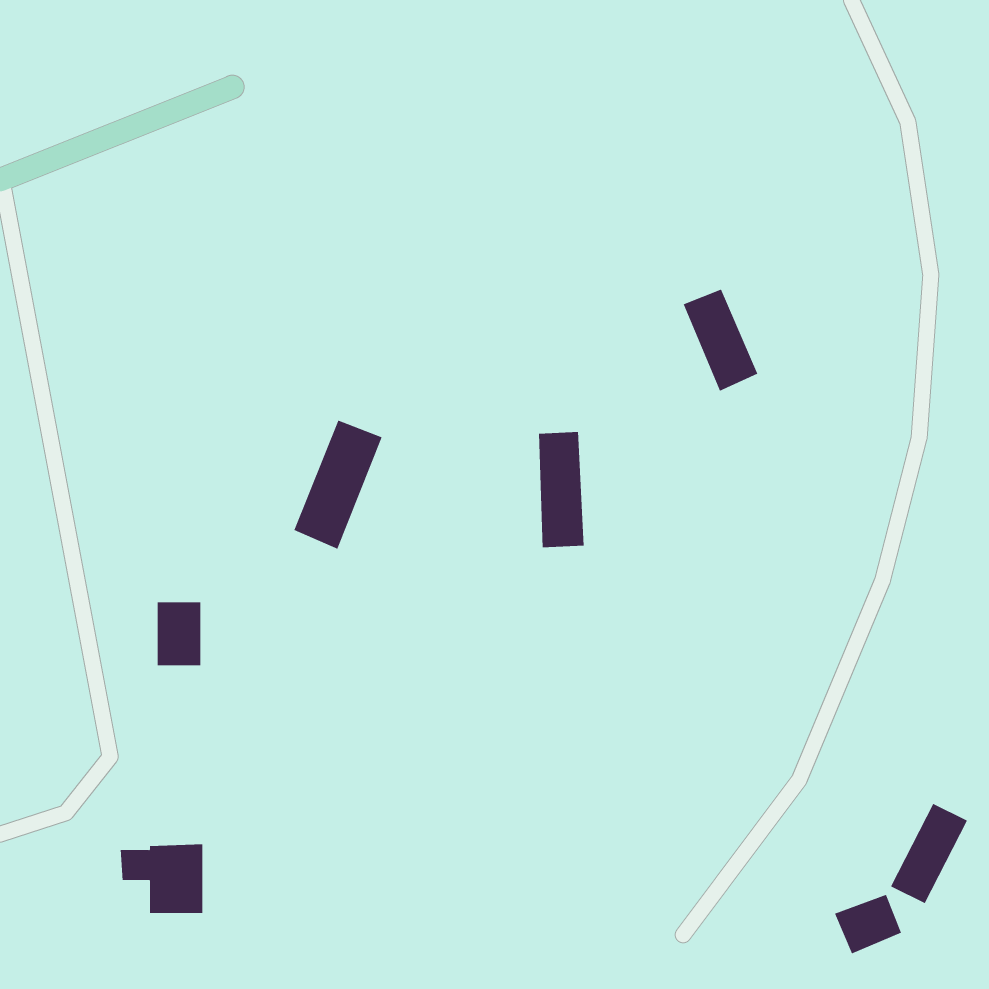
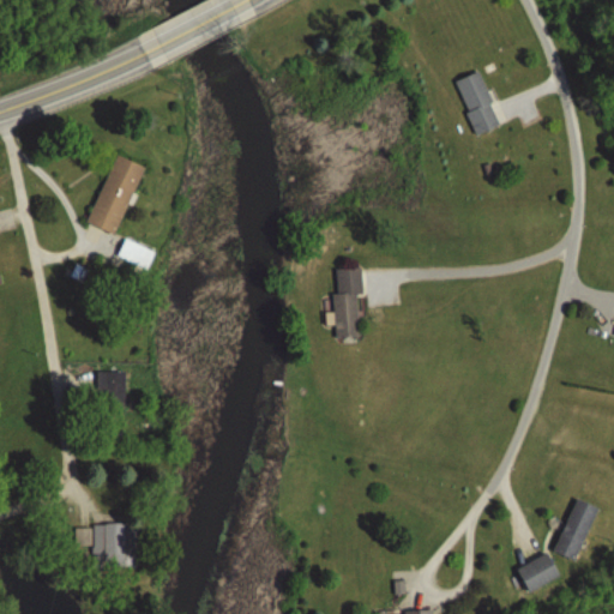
building: [683,289,758,391] -> [455,71,501,134]
building: none -> [116,239,154,270]
building: [293,420,382,550] -> [88,155,143,235]

